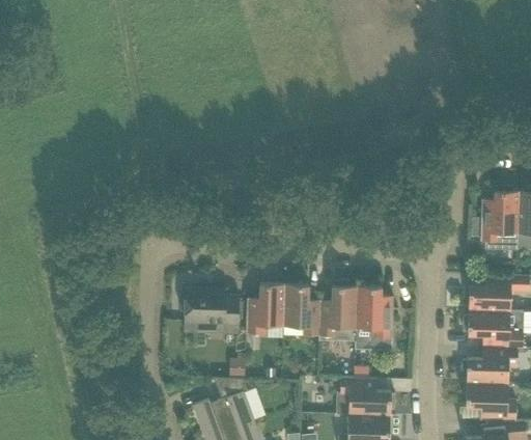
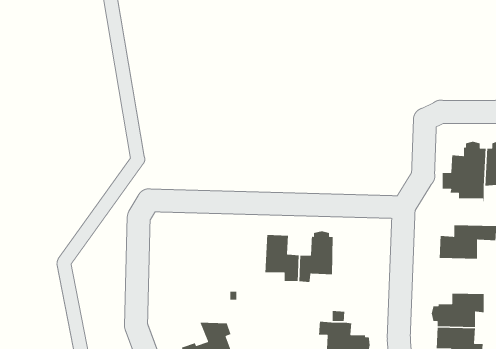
building: [246,285,285,336] -> none
building: [356,288,393,351] -> none
building: [184,290,240,335] -> none
building: [462,312,524,350] -> none

